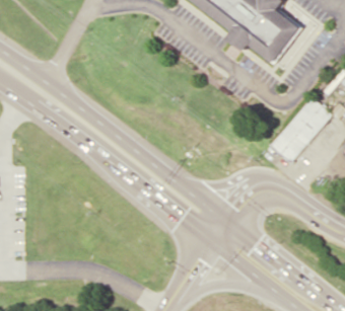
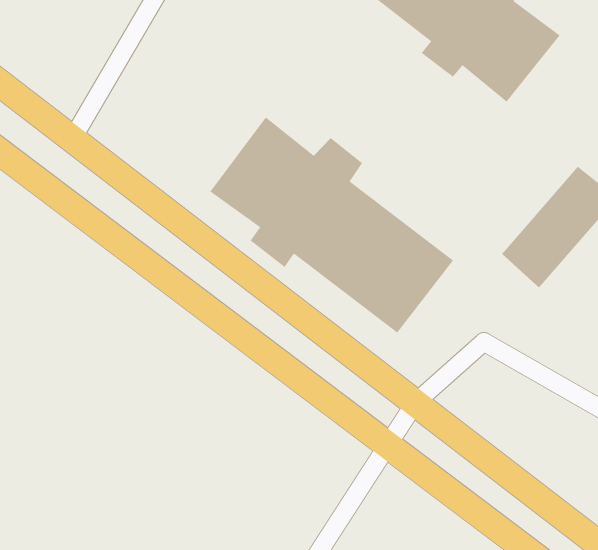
building: none -> [210,116,454,333]

